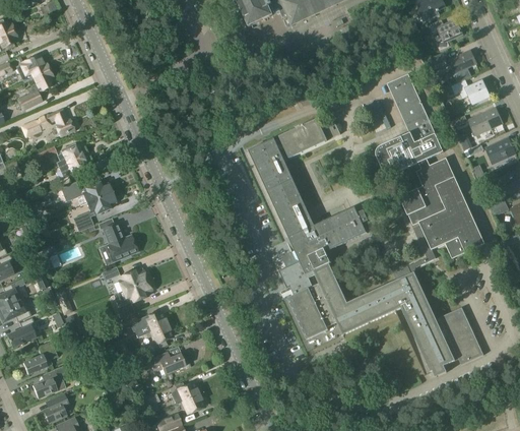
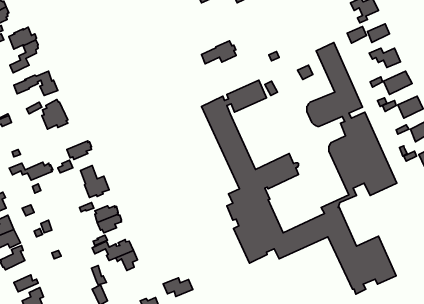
building: none -> [202,41,236,64]
building: [60,181,113,202] -> [9,162,53,180]
building: [149,352,185,374] -> [163,278,193,296]

